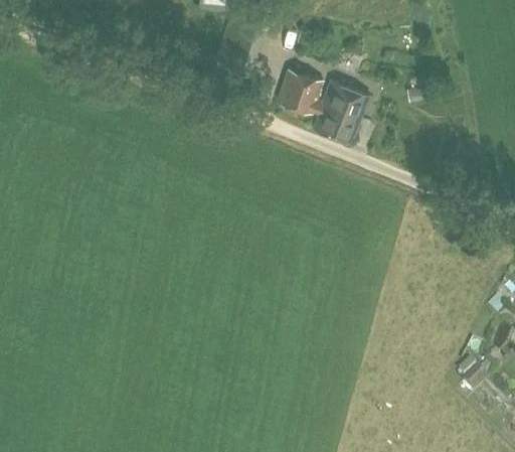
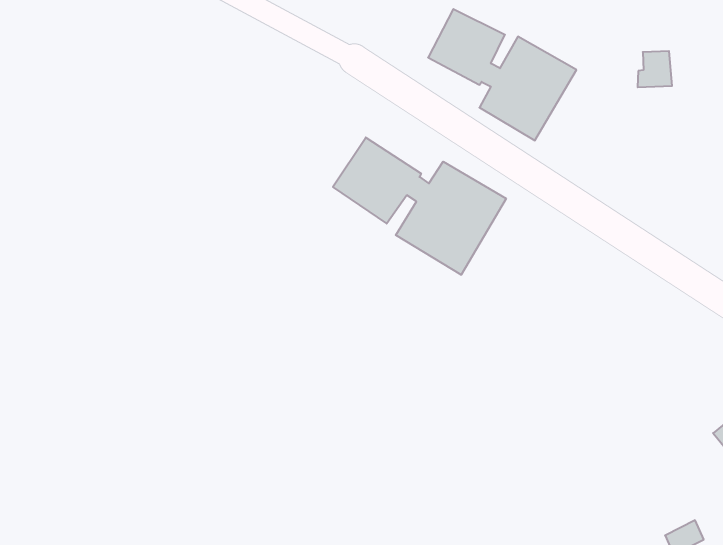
building: none -> [333,137,506,275]

